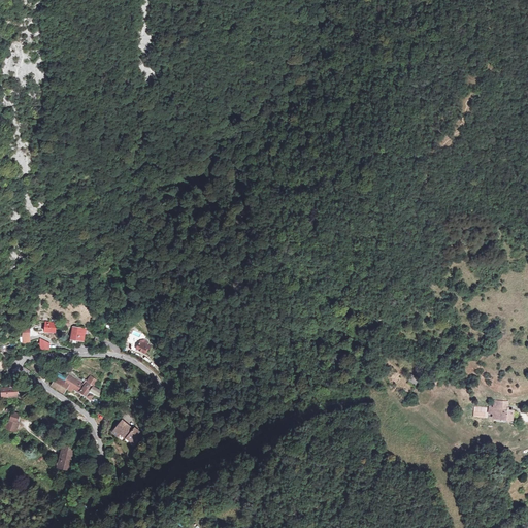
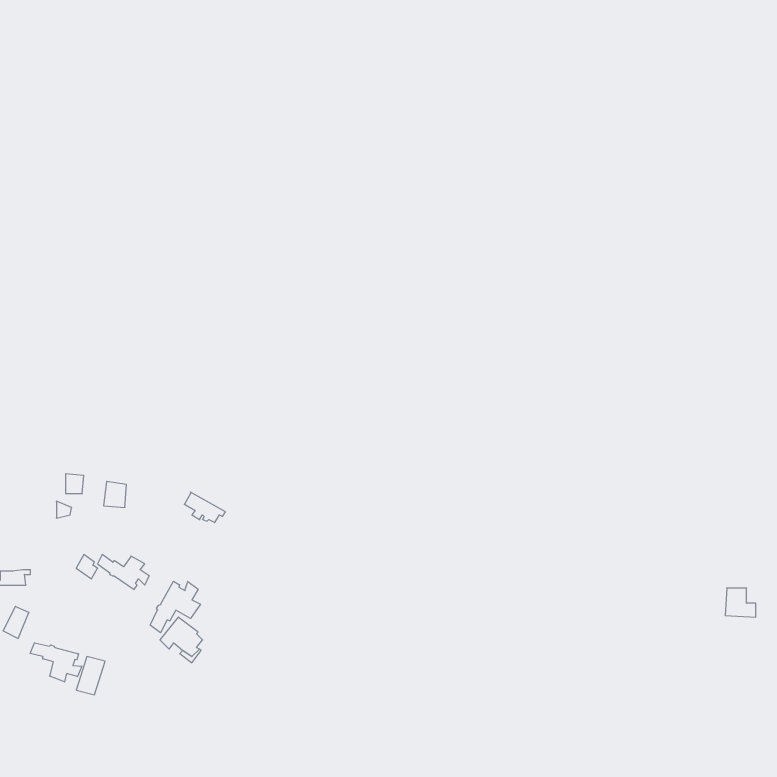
building: none -> [150,581,201,633]
building: none -> [30,643,82,682]

